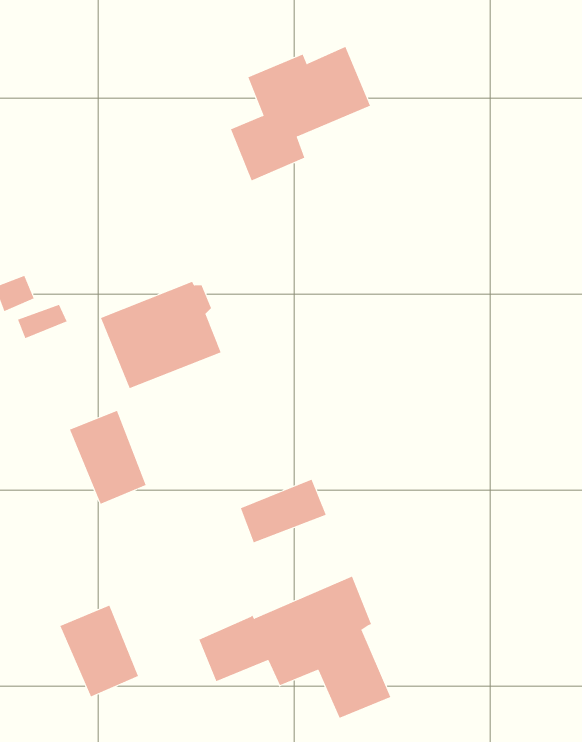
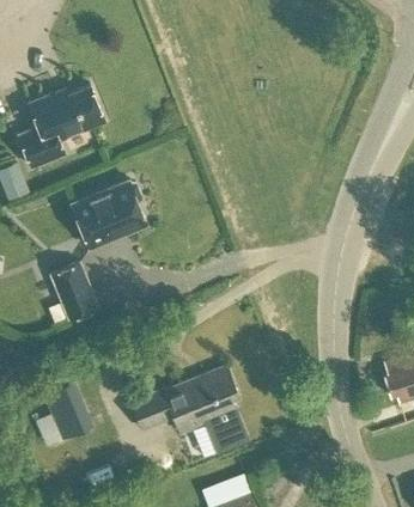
building: [230,46,371,181] -> [19,85,106,169]
building: [240,479,326,543] -> none

